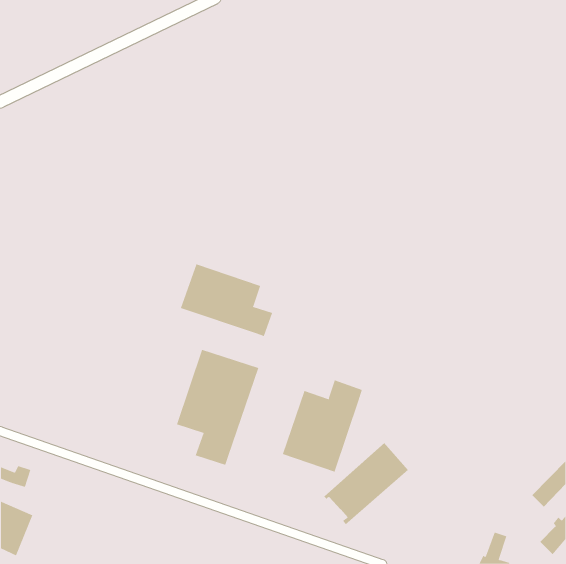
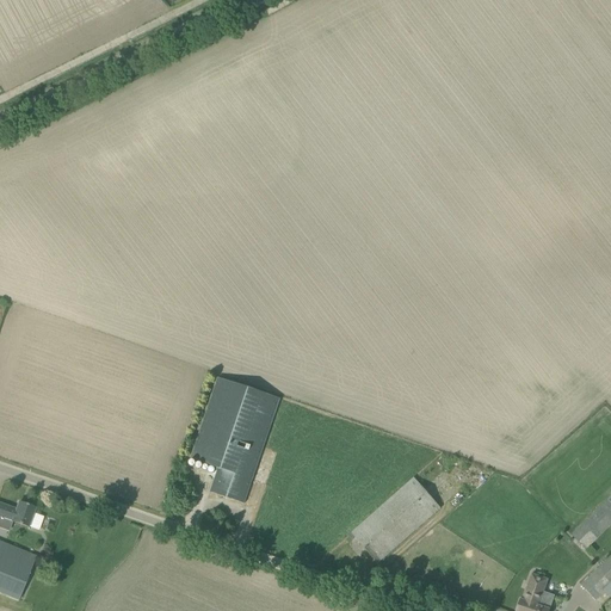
building: [180,263,273,337] -> none
building: [282,380,363,473] -> none

